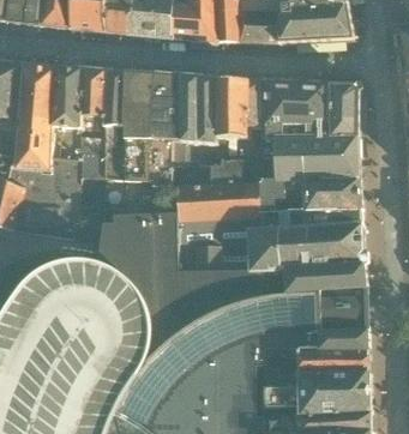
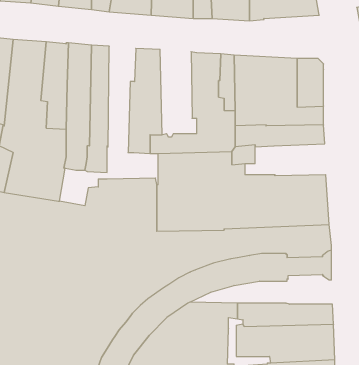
building: [125,71,156,186] -> none
building: [182,74,222,169] -> none
building: [306,176,362,211] -> none
building: [215,318,369,350] -> none

